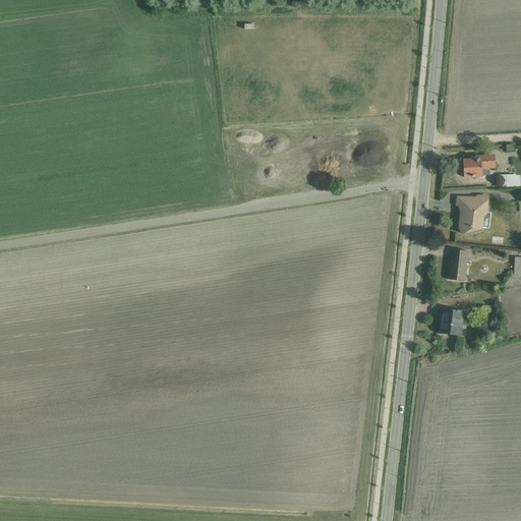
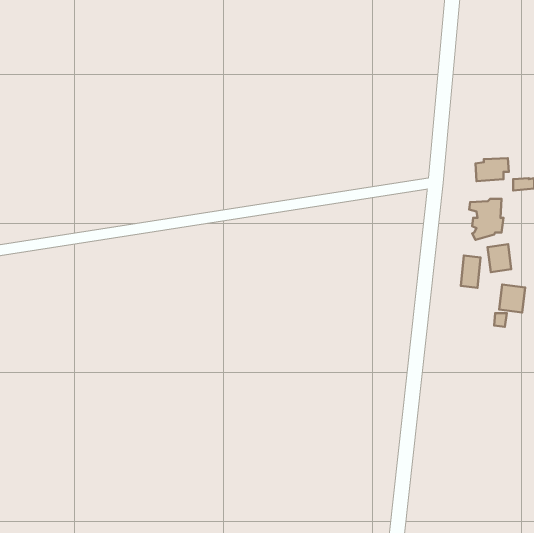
building: none -> [488,244,511,272]
building: [438,307,463,335] -> [499,284,525,313]

